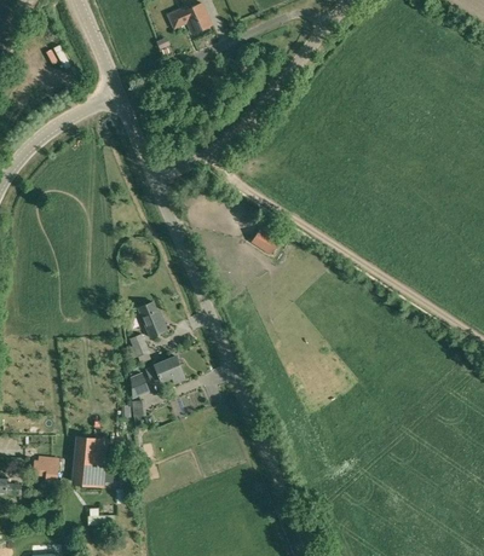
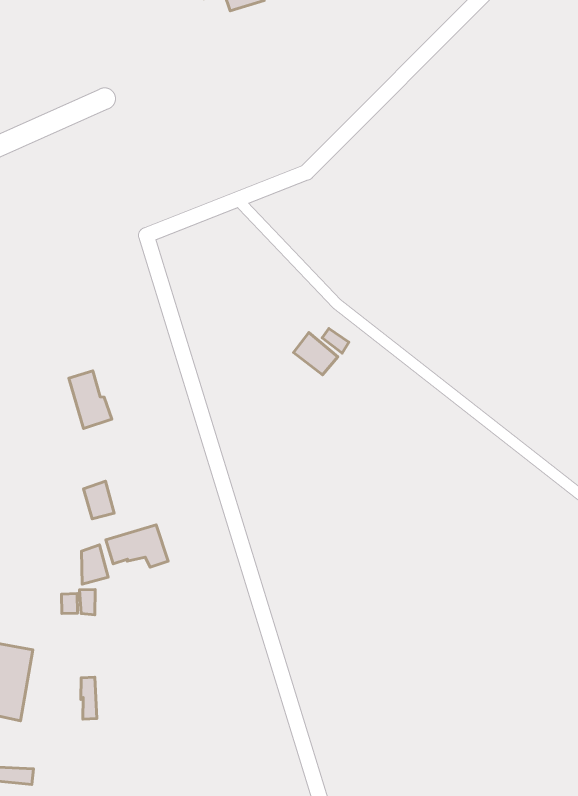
building: [138,300,167,336] -> [69,371,112,428]

